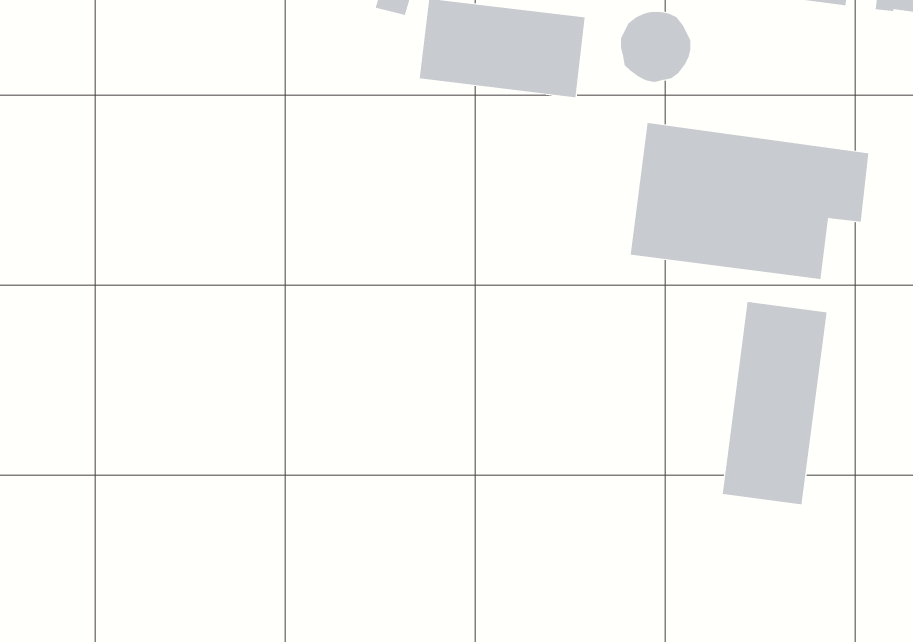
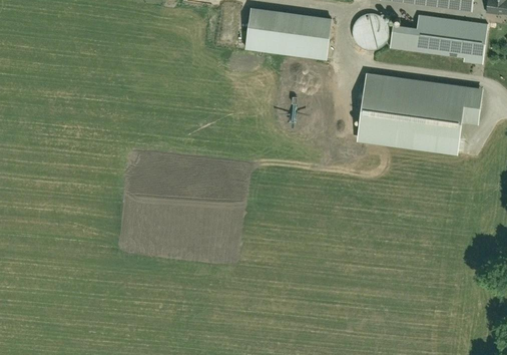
building: none -> [390,15,486,64]
building: [722,301,827,505] -> none

